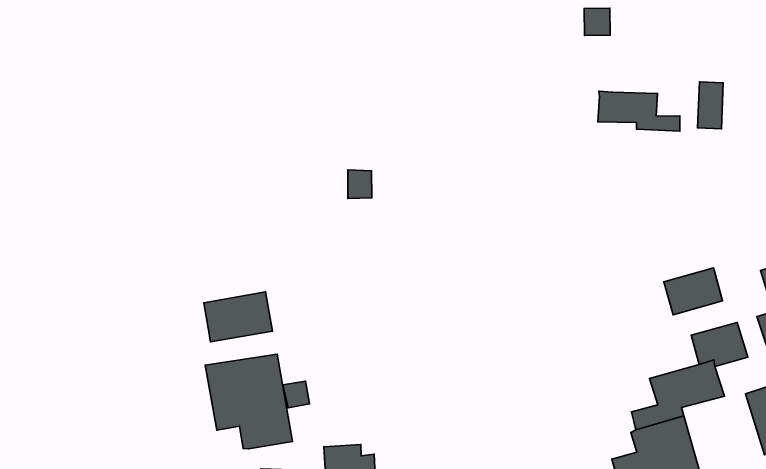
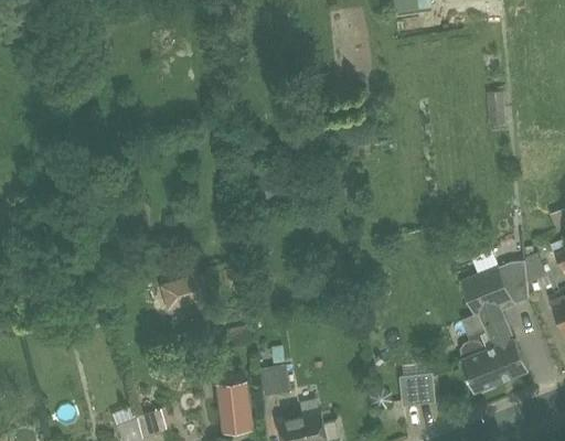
building: [598,91,680,131] -> none
building: [664,268,723,315] -> [468,262,510,298]
building: [205,354,293,449] -> none

